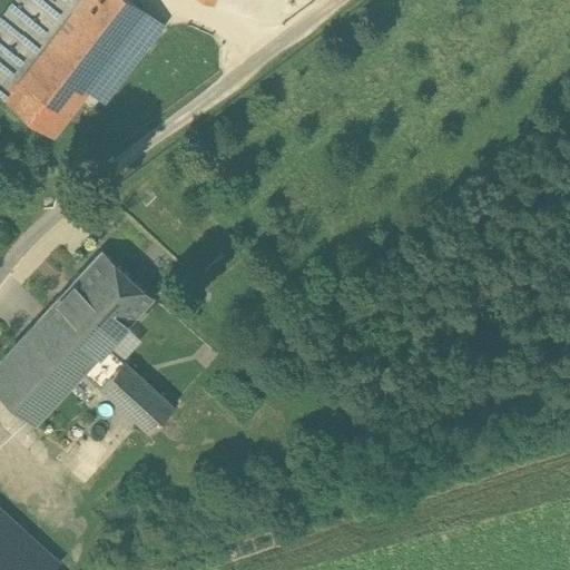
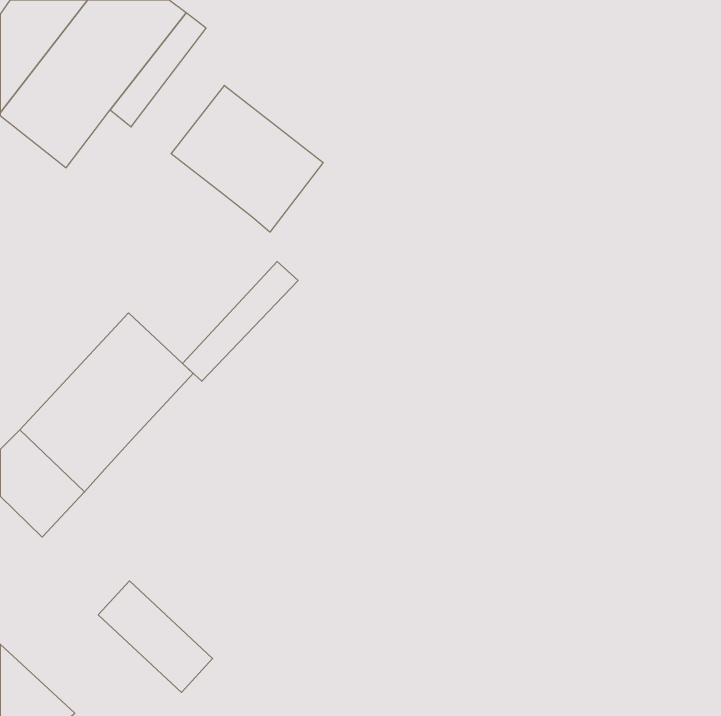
building: none -> [171,85,323,232]
building: none -> [183,262,298,381]
building: [82,347,173,435] -> [98,581,213,692]

